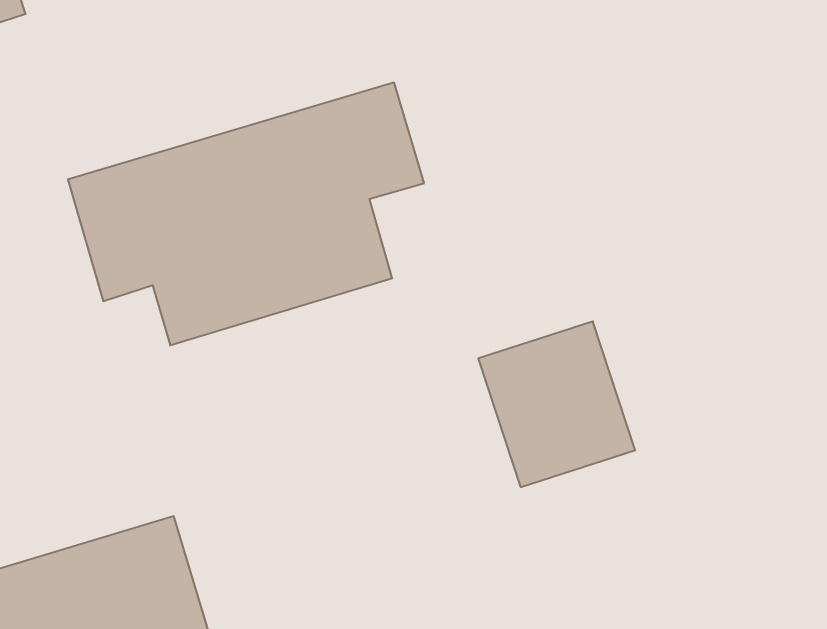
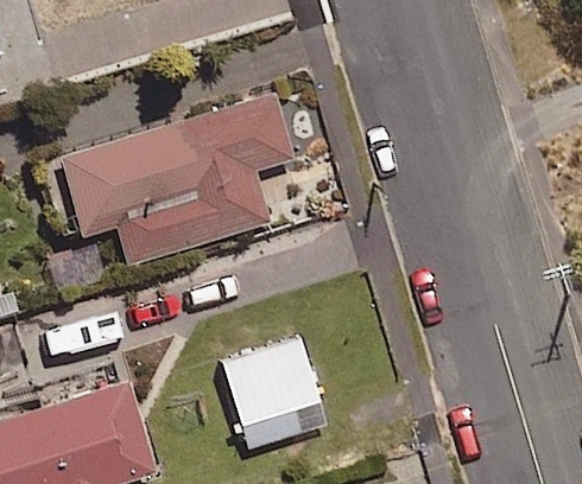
building: [478,321,635,487] -> [221,337,327,448]

